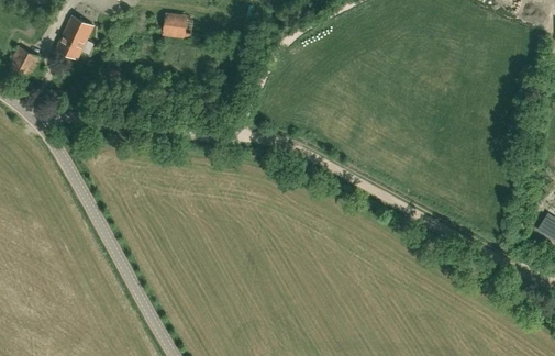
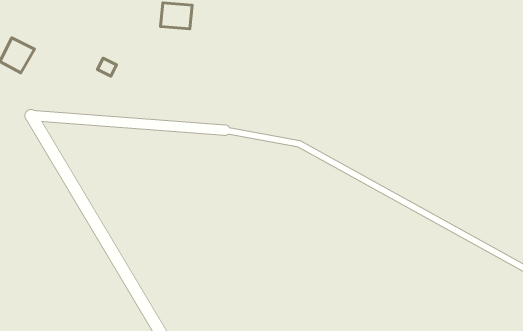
building: [56,16,93,59] -> none

